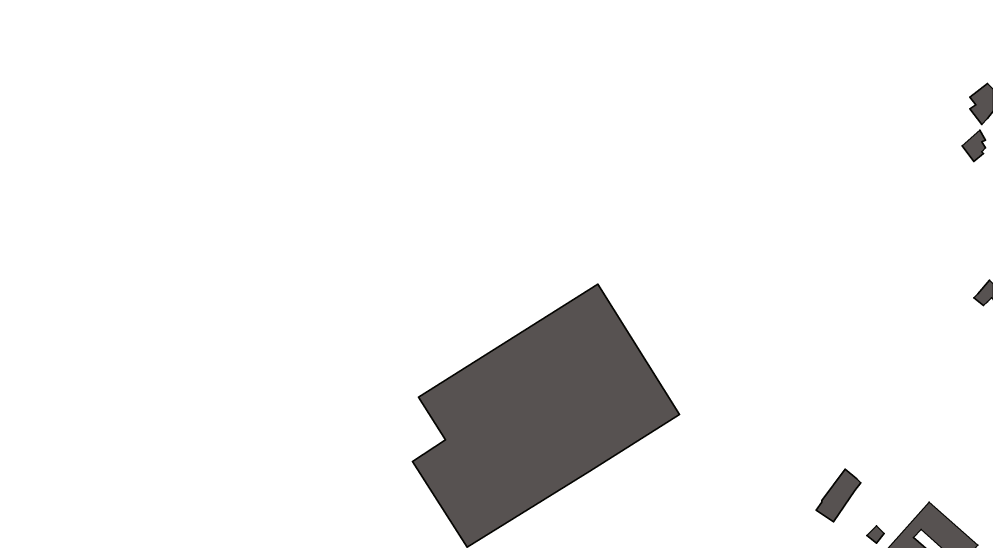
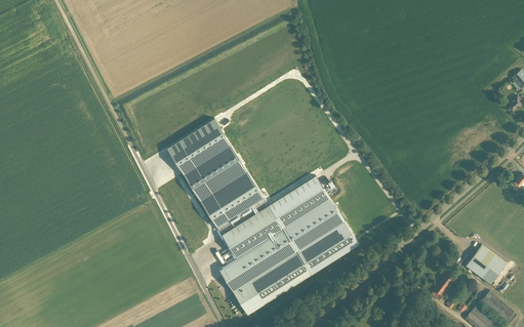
building: none -> [166,118,266,231]
building: none -> [465,245,506,284]

